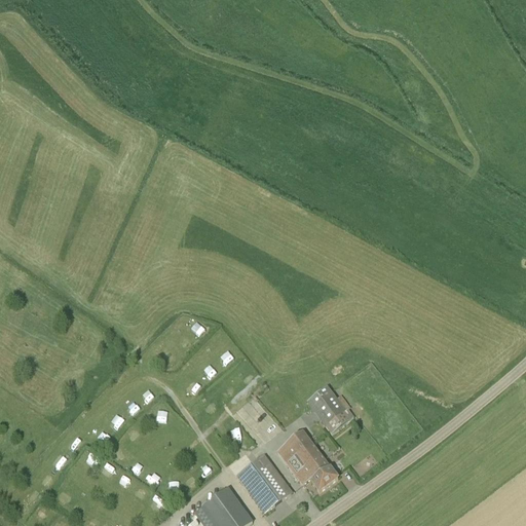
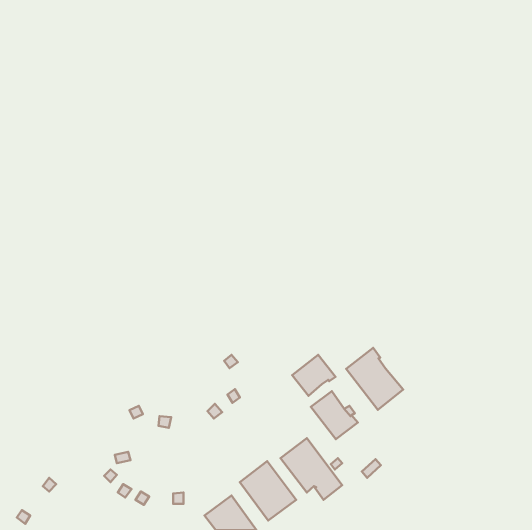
building: none -> [346,348,403,410]
building: none -> [292,355,335,396]

